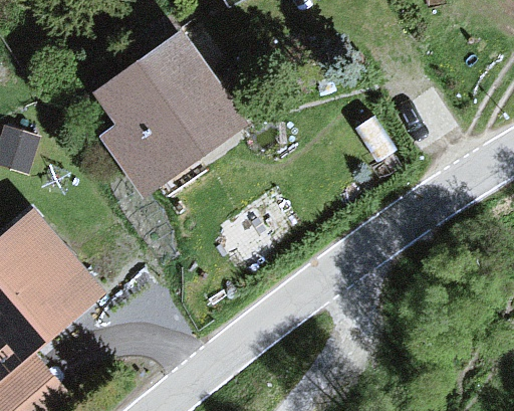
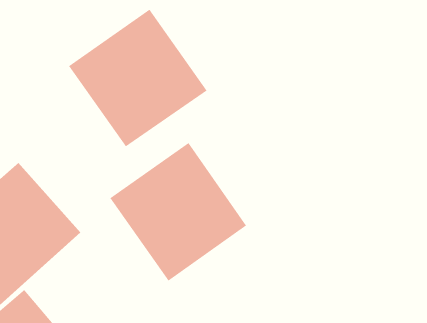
building: none -> [110,142,247,282]

